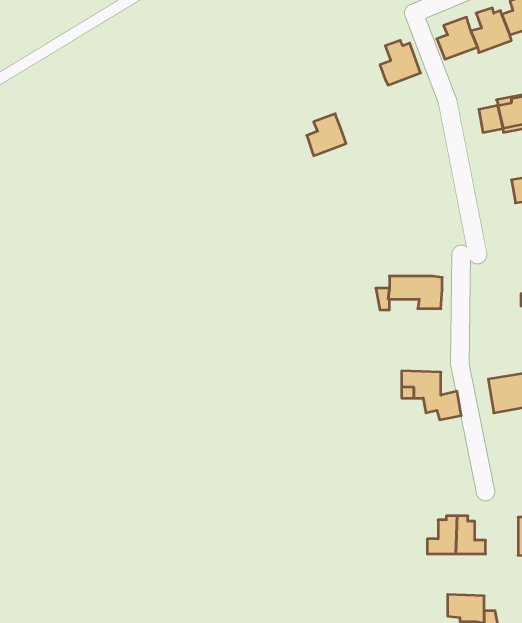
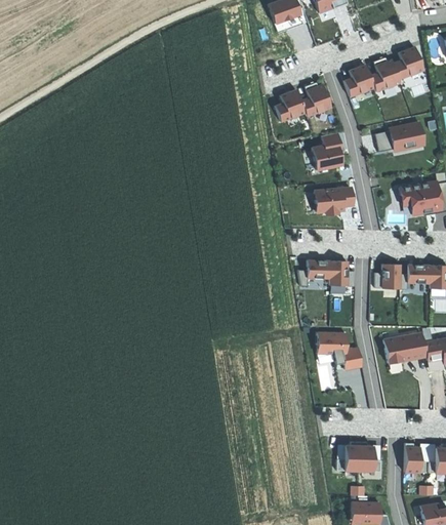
building: none -> [312,132,342,170]
building: [307,114,346,156] -> [275,89,305,121]
building: none -> [315,188,353,214]
building: none -> [382,264,400,288]

